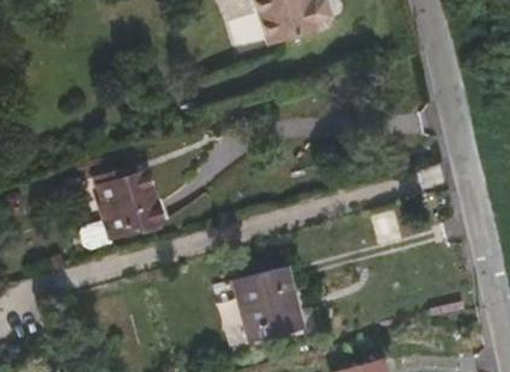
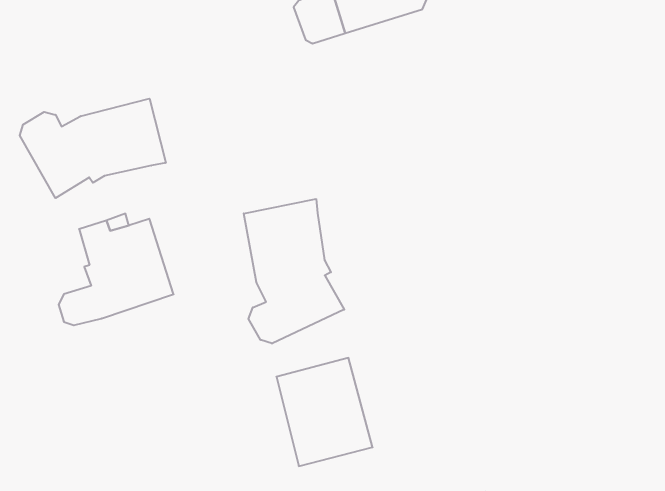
building: none -> [20,99,166,198]
building: none -> [244,199,344,344]

